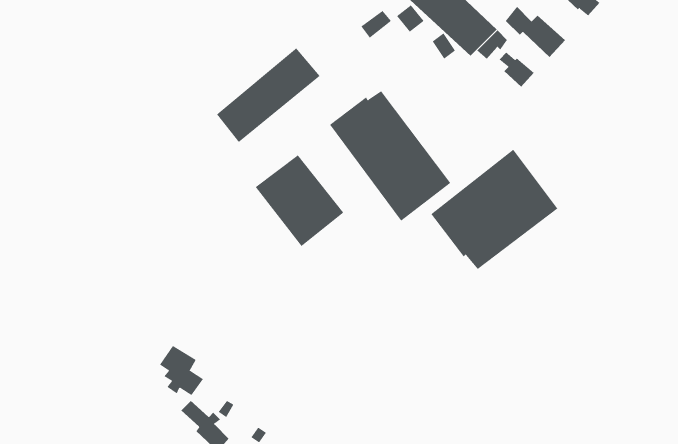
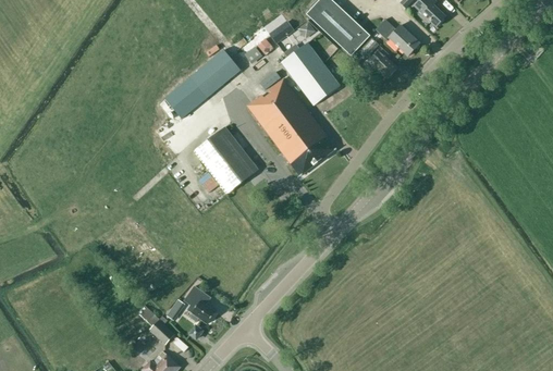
building: none -> [281,41,339,104]
building: [431,149,558,270] -> none
building: [159,345,204,396] -> [183,285,216,322]

